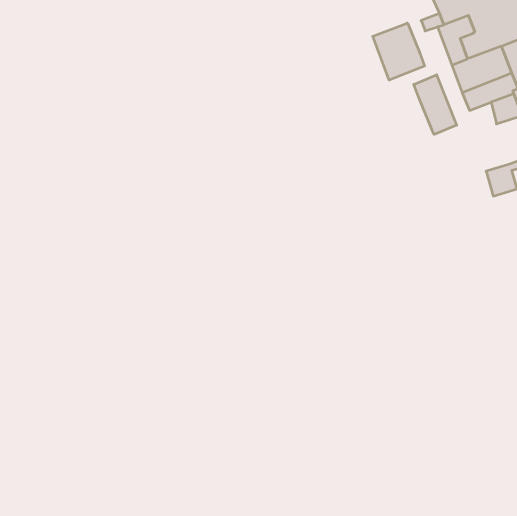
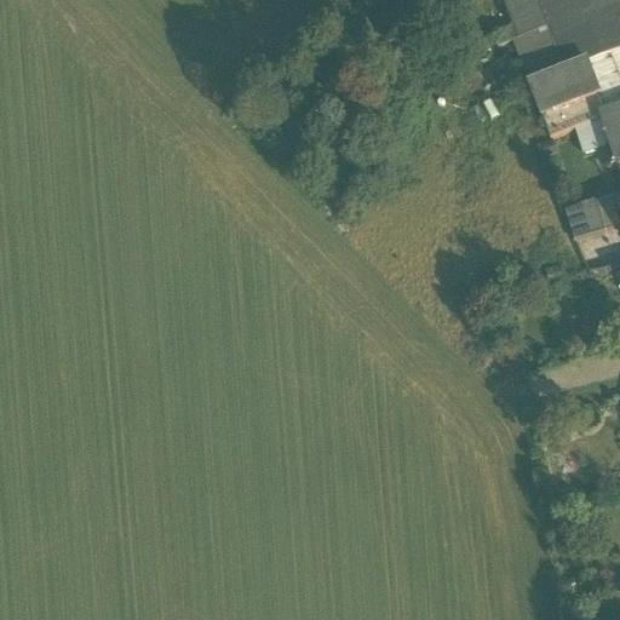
building: [373,23,425,80] -> none
building: [414,75,457,134] -> none

